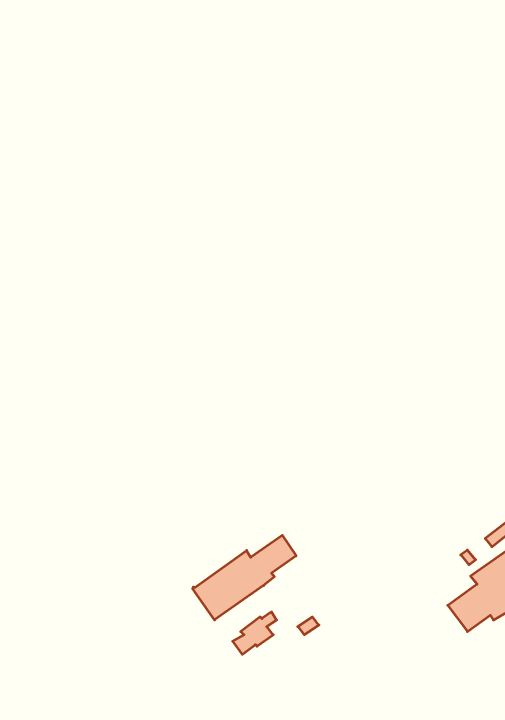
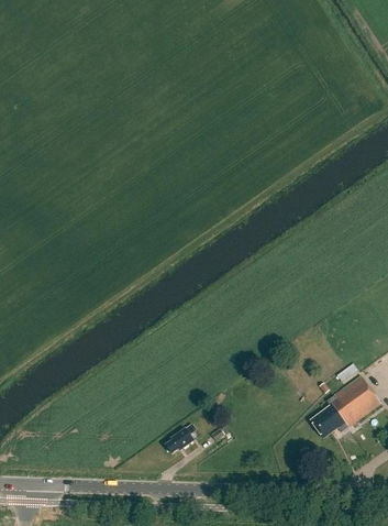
building: [193,535,296,620] -> none

